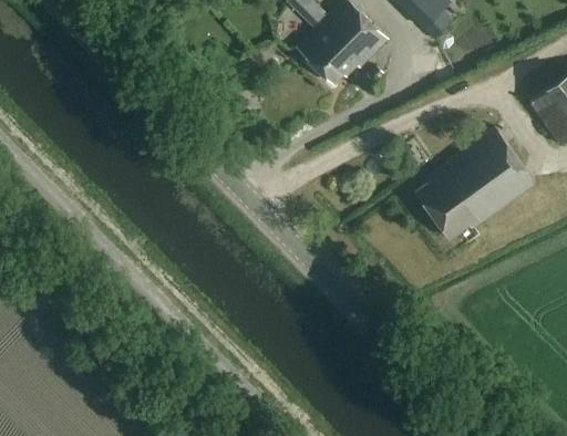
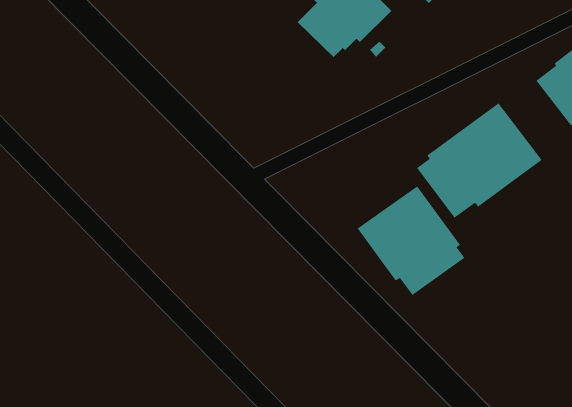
building: none -> [357,186,465,296]

